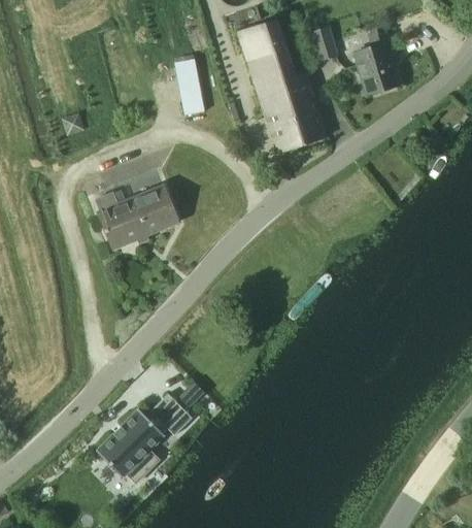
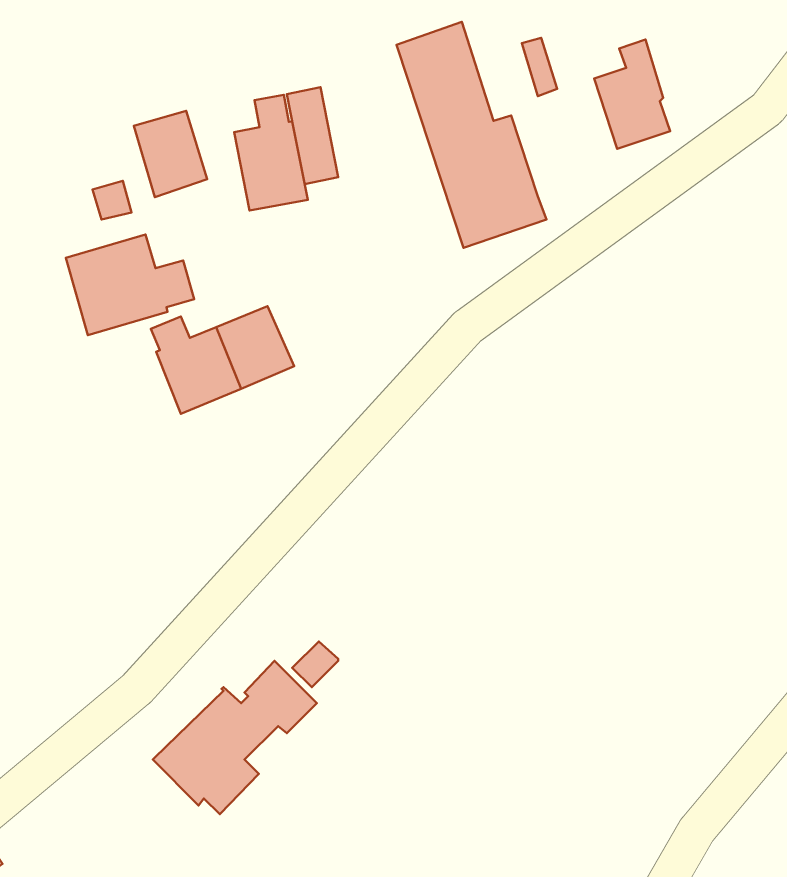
building: none -> [234,95,308,210]
building: none -> [134,111,207,197]
building: none -> [66,234,194,335]

